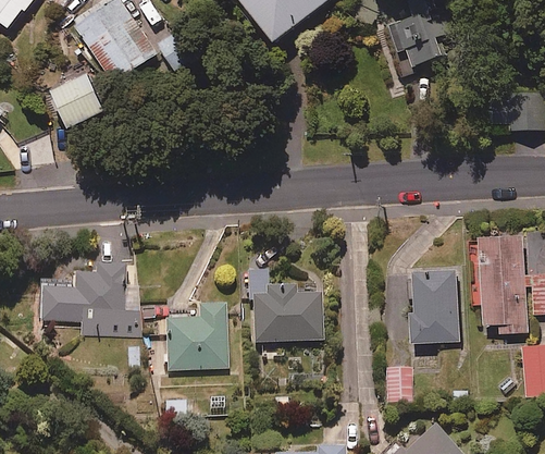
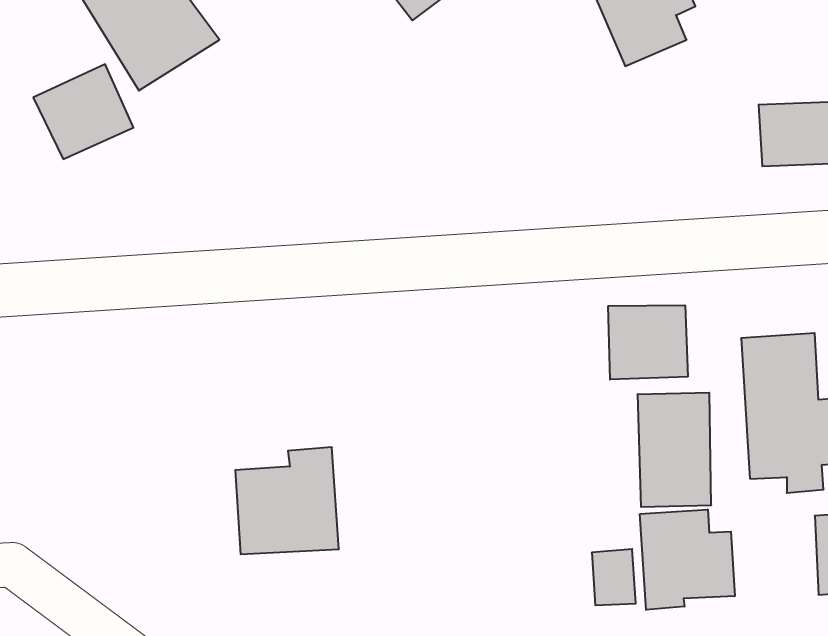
building: none -> [608,305,688,380]
building: [39,262,140,335] -> none
building: [248,270,323,343] -> none
building: none -> [640,509,735,610]

